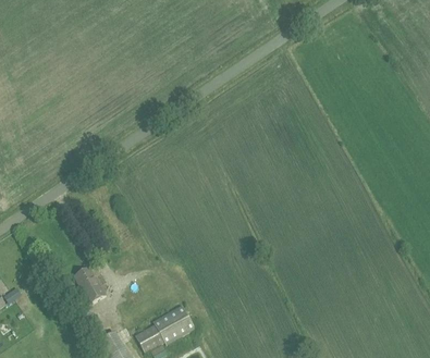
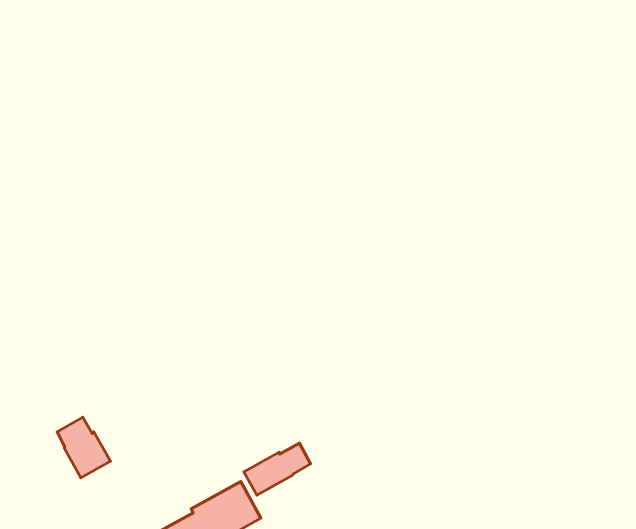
building: none -> [244,443,311,495]

